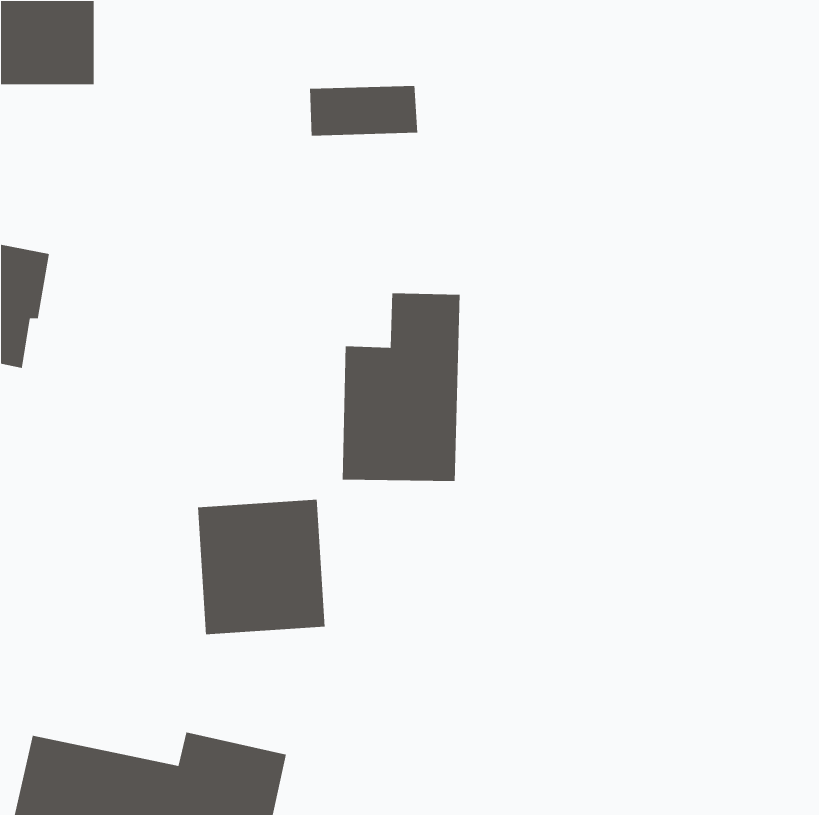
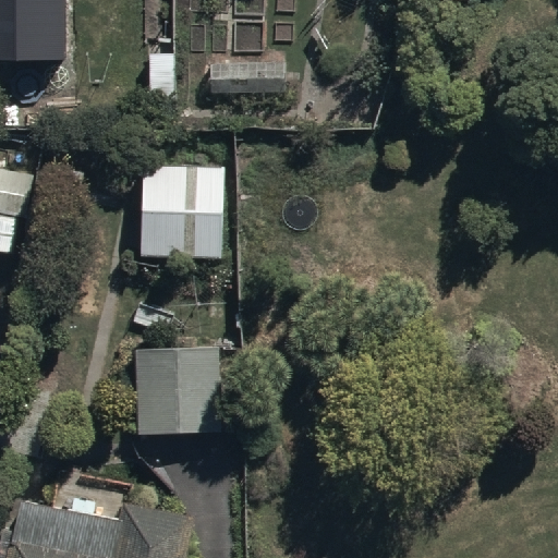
building: [342,293,460,482] -> [141,129,221,257]

